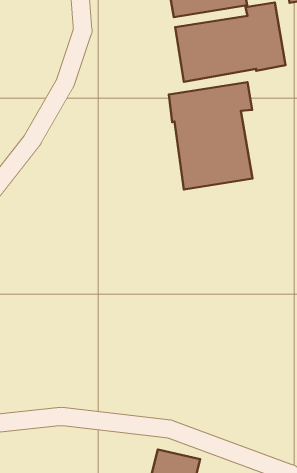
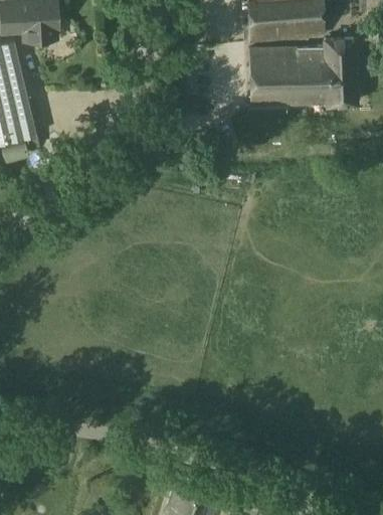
building: [169,82,253,190] -> none

